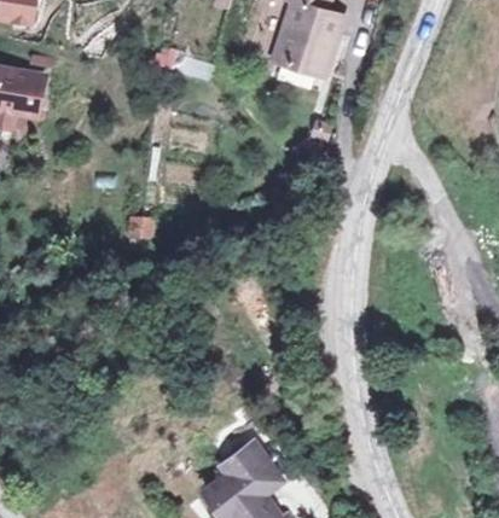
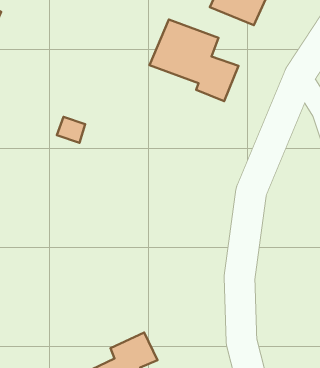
building: none -> [150,19,238,101]

